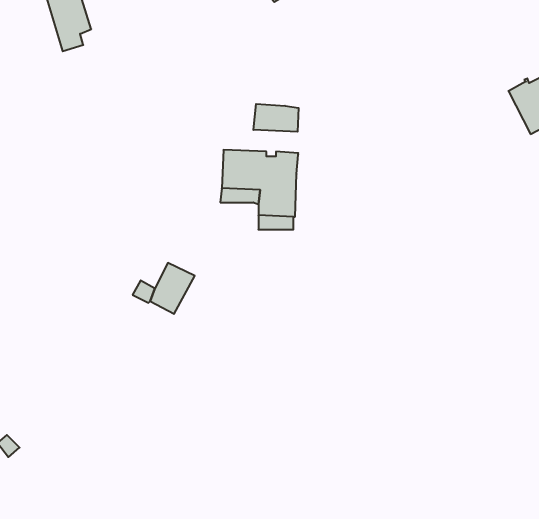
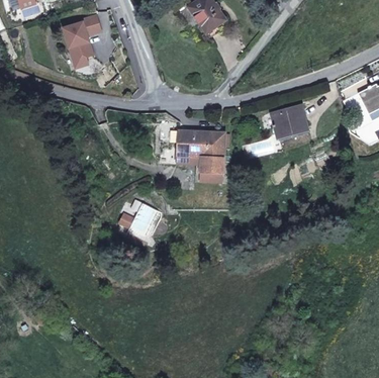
building: [253,104,299,132] -> none
building: none -> [271,106,306,134]

